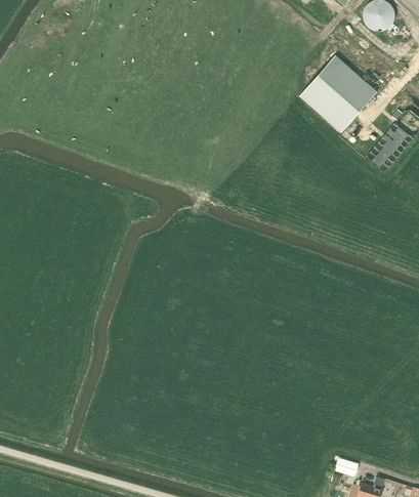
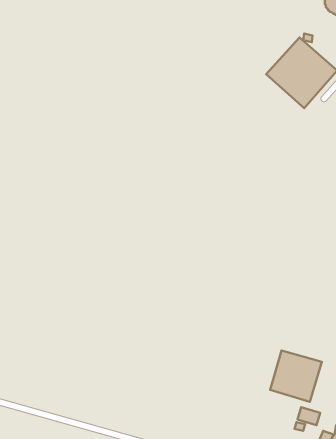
building: none -> [270,350,322,402]

